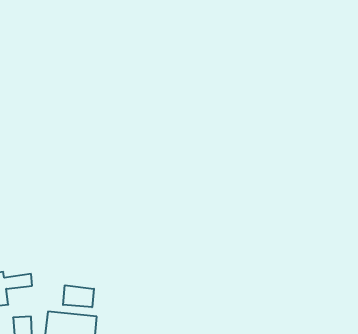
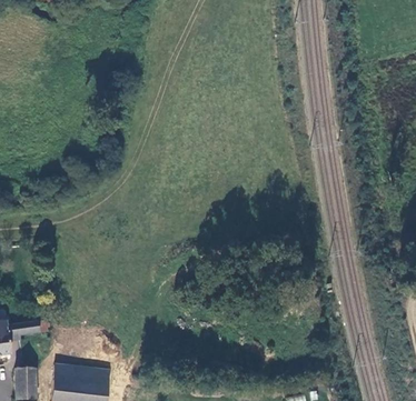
building: [63,285,94,307] -> none

